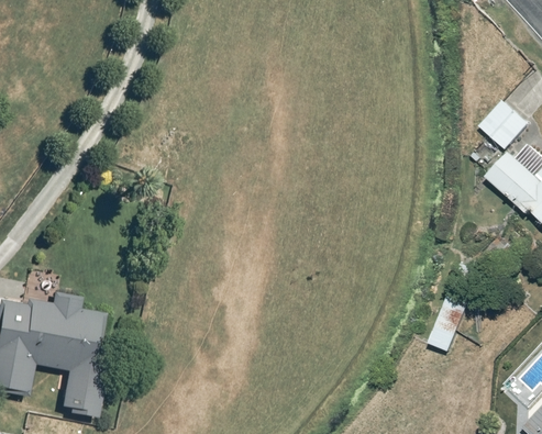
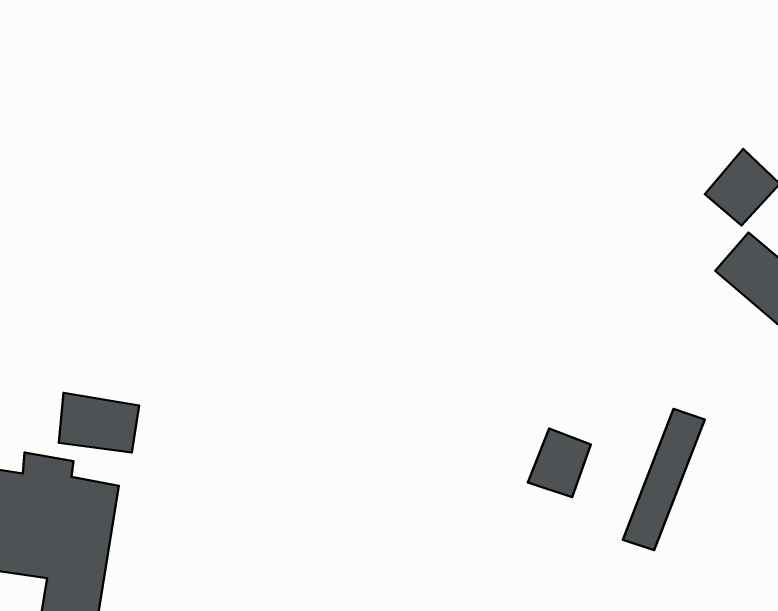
building: none -> [59,393,139,453]
building: none -> [528,428,591,497]

